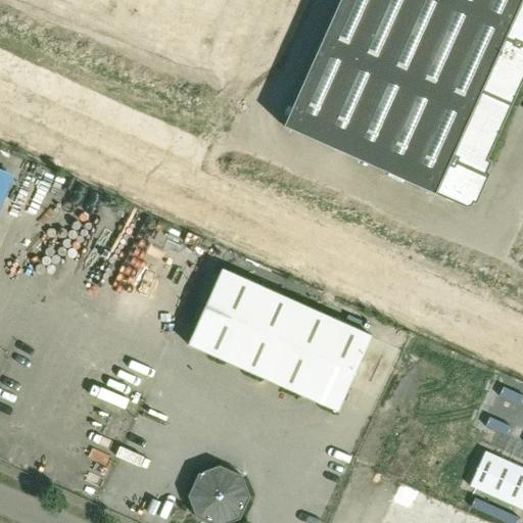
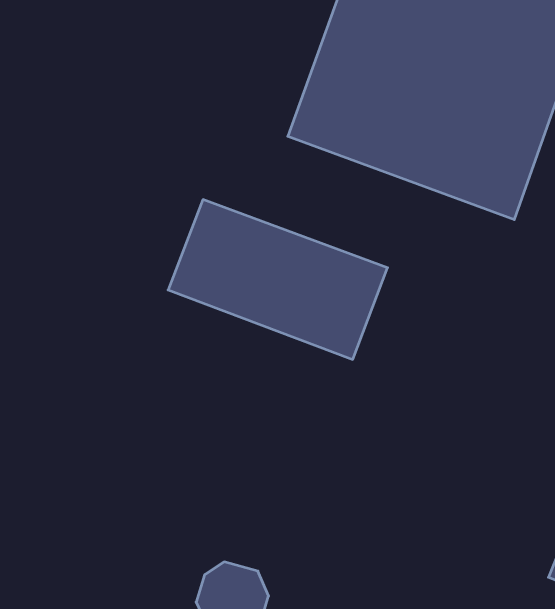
building: [198,276,375,412] -> [168,200,388,359]

